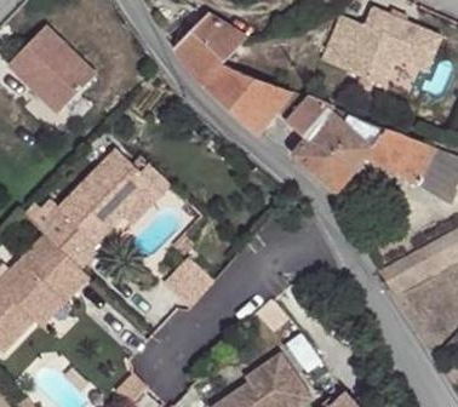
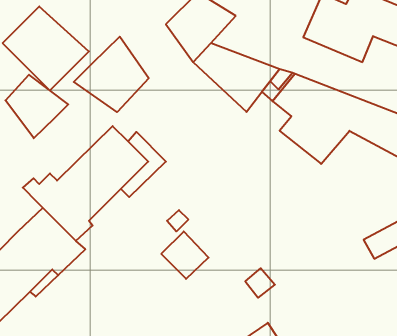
building: none -> [74,37,149,112]
building: none -> [5,75,68,138]

